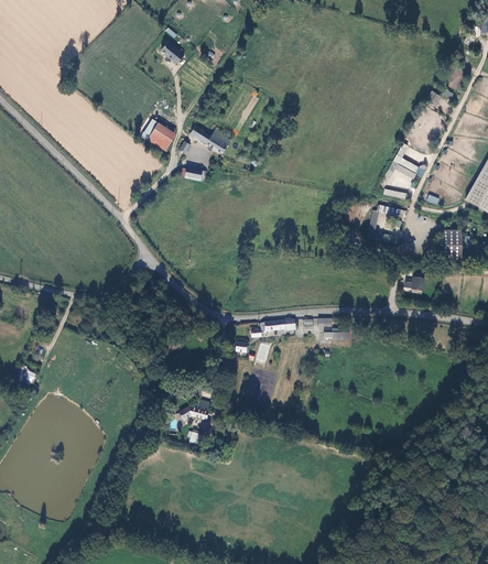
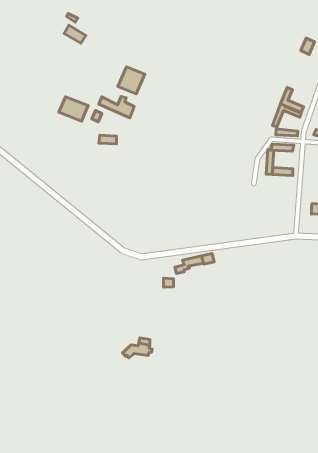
building: none -> [118,67,145,94]

